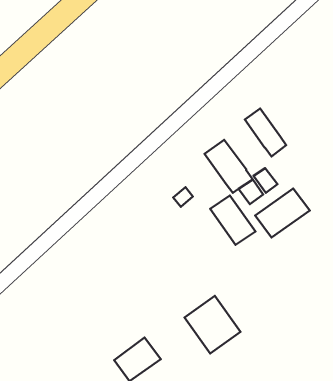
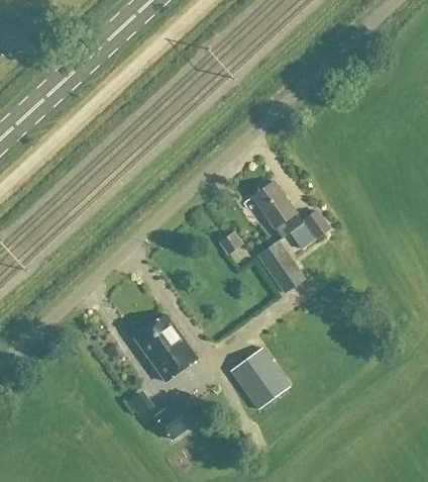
building: [245,108,286,157] -> none
building: [255,189,310,237] -> none
building: none -> [133,314,197,382]

